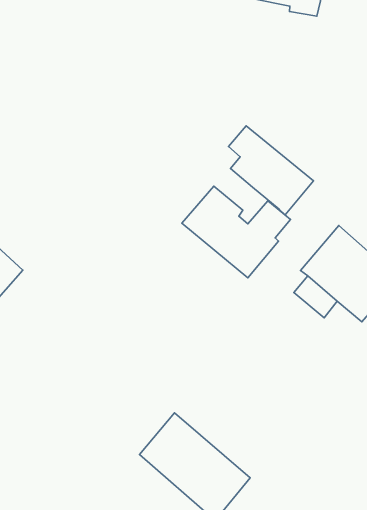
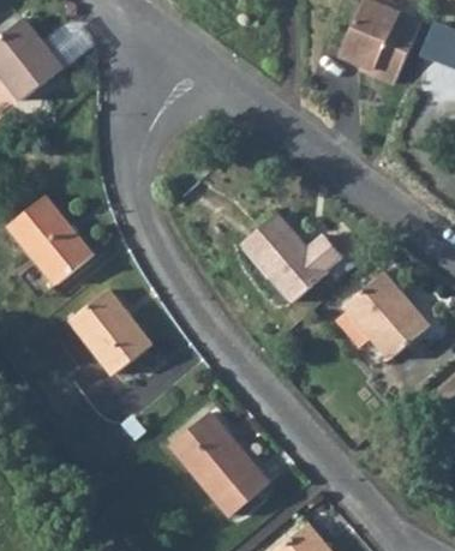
building: [228,126,313,215] -> none
building: none -> [68,293,150,376]

